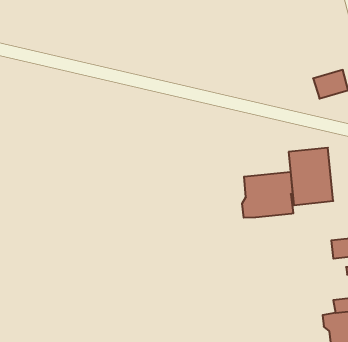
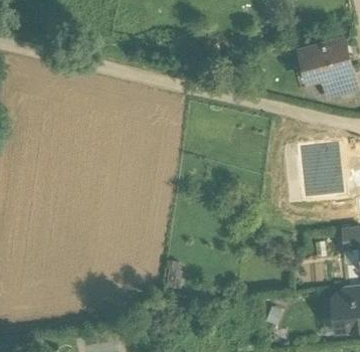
building: none -> [300,38,351,80]
building: [242,172,293,218] -> none

